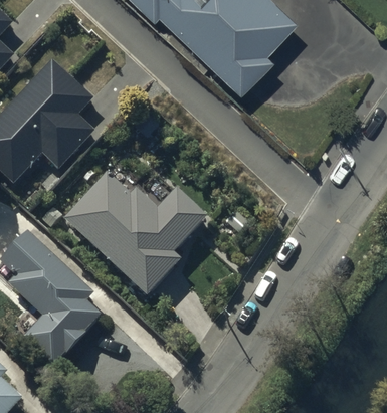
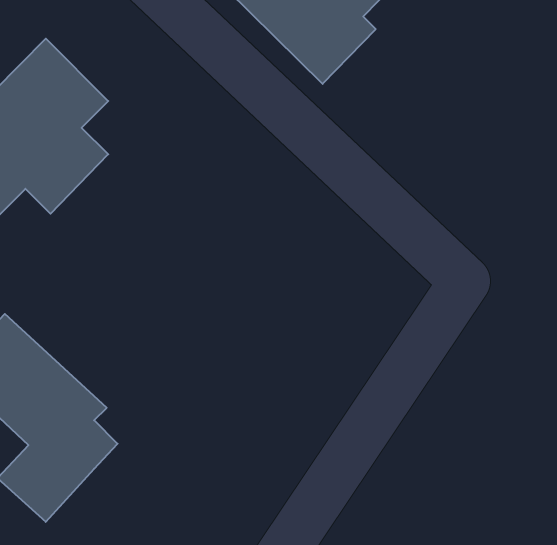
building: [64,175,208,297] -> none

